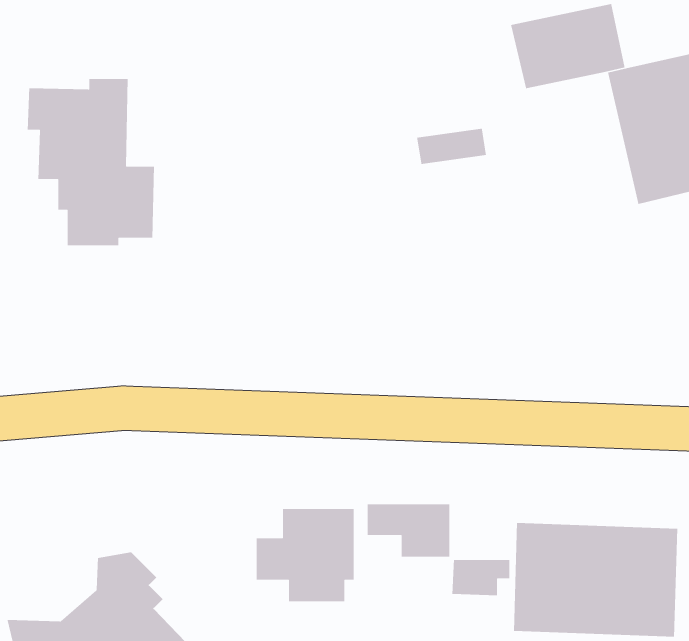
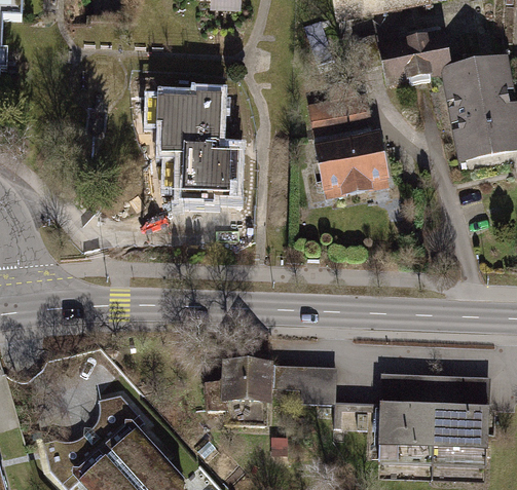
building: [27,78,155,246] -> [148,89,233,201]
building: none -> [316,133,385,195]

